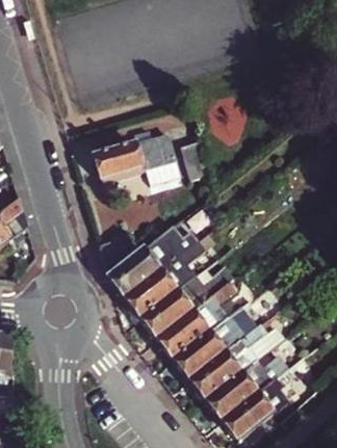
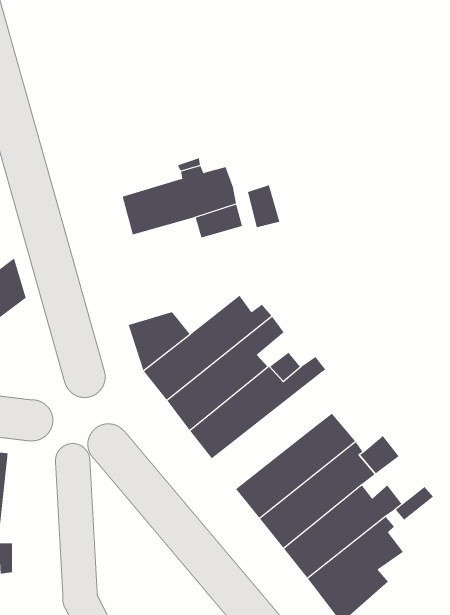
building: [157,279,240,360] -> none

